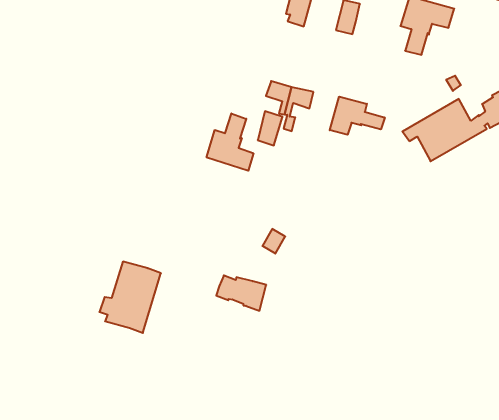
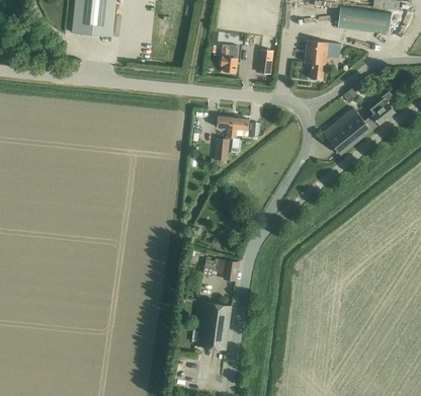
building: [330,97,385,135] -> none
building: [207,113,253,171] -> none
building: [99,262,161,333] -> [191,302,231,350]

